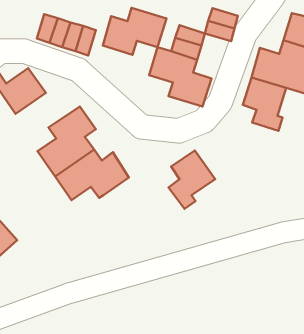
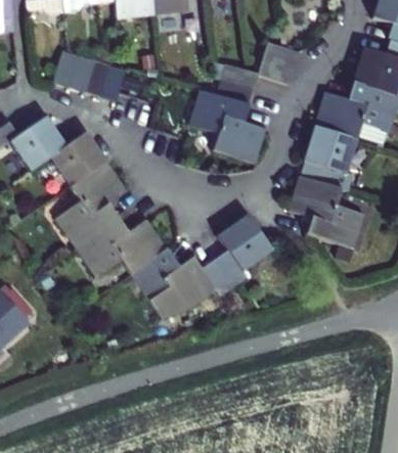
building: [103,8,167,55] -> none
building: none -> [48,131,106,187]
building: none -> [290,176,365,247]
building: none -> [135,247,233,314]

